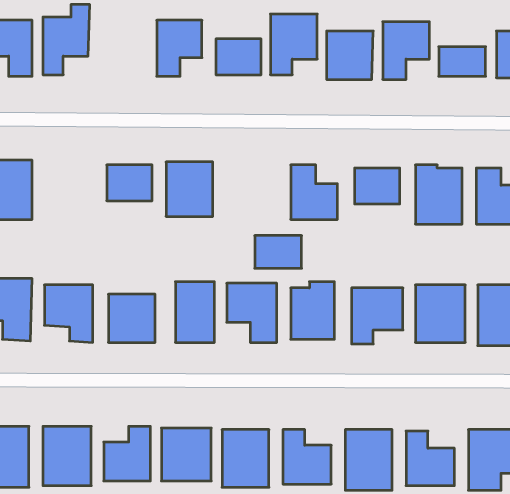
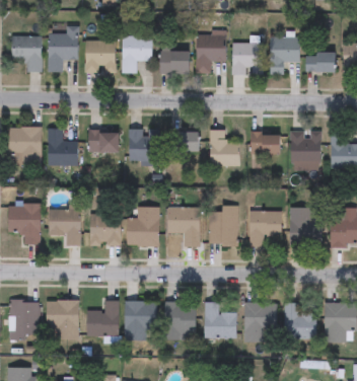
building: none -> [85,41,115,72]
building: none -> [47,128,77,165]
building: [255,236,302,268] -> [168,131,199,152]

